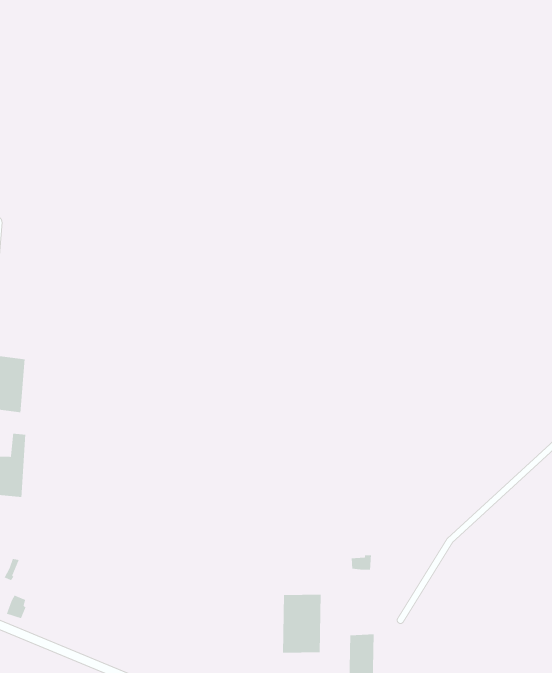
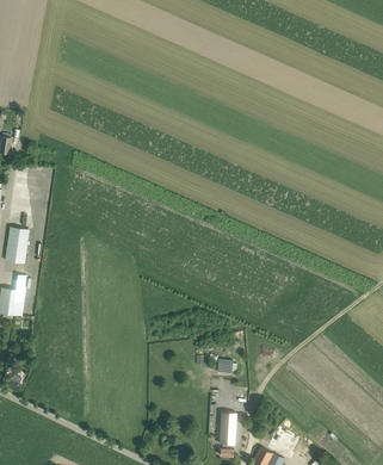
building: [282,594,321,654] -> none

